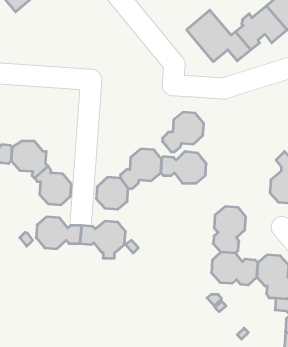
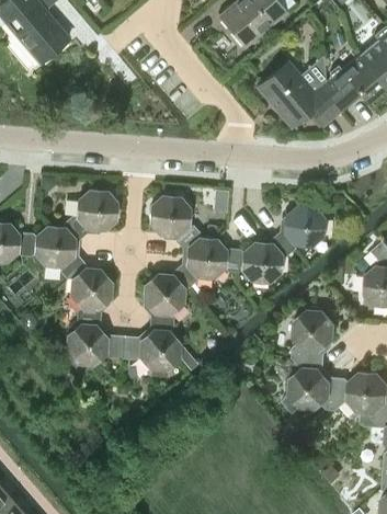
building: none -> [62,190,116,241]
building: [162,112,204,152] -> [271,206,323,256]
building: none -> [148,196,189,237]

